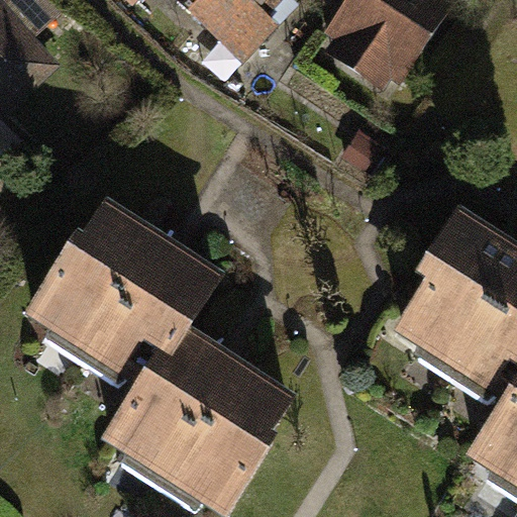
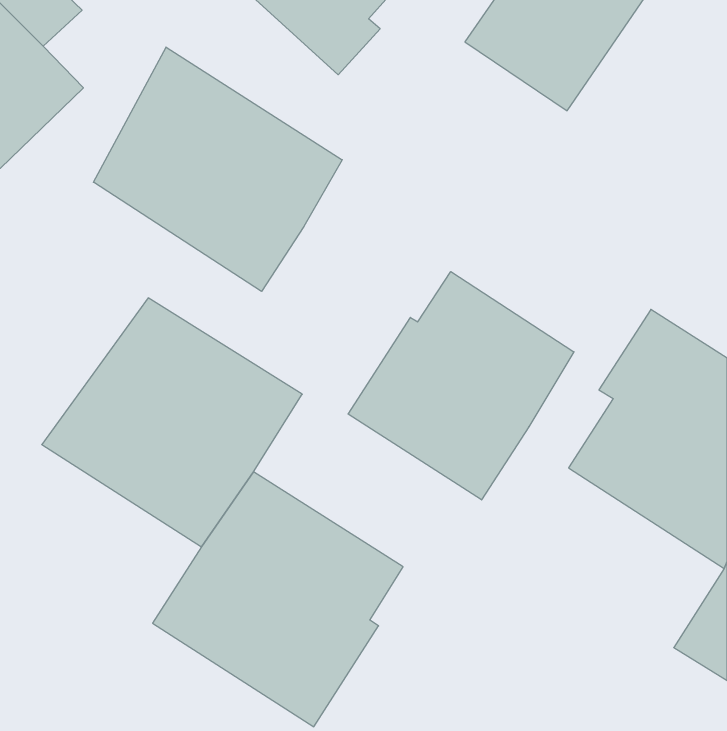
building: none -> [93,47,342,291]
building: none -> [348,272,574,500]

